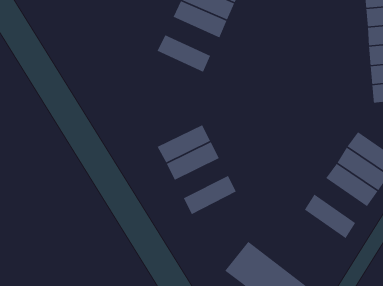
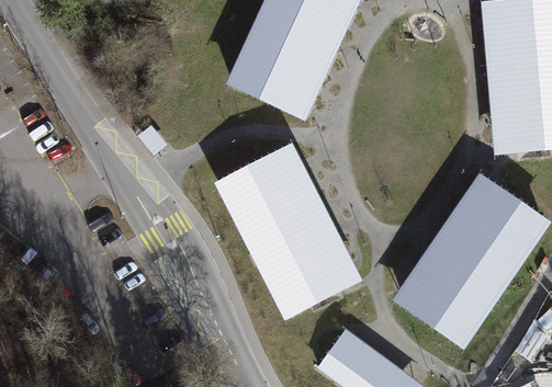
building: none -> [241,41,312,90]
building: none -> [219,156,290,206]
building: none -> [254,221,323,272]
building: none -> [432,247,500,304]
building: none -> [275,264,345,316]
building: none -> [405,287,473,344]

